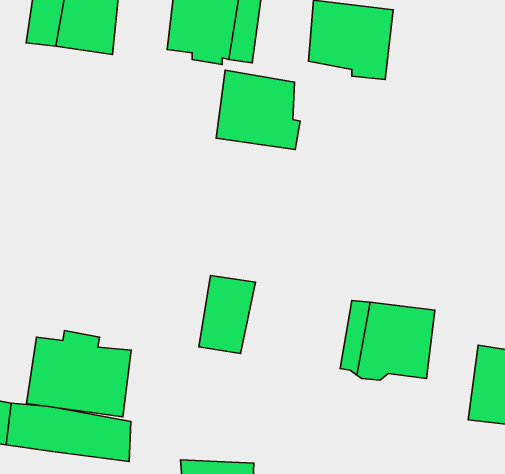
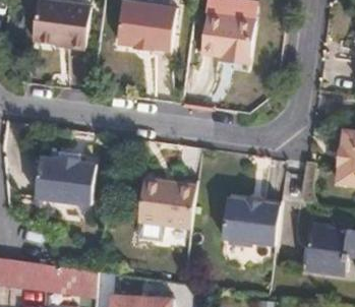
building: [216,70,300,149] -> none
building: none -> [163,186,196,233]
building: [26,330,131,417] -> [32,154,96,206]

